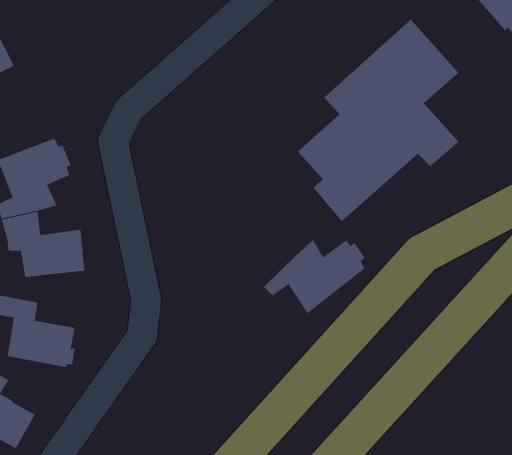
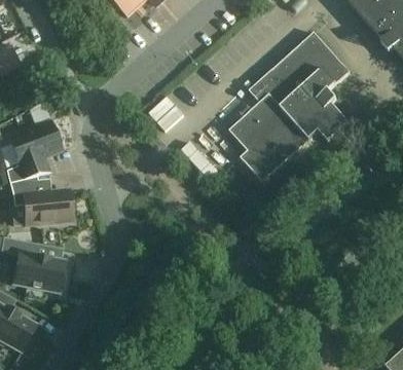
building: [263,239,365,314] -> none

